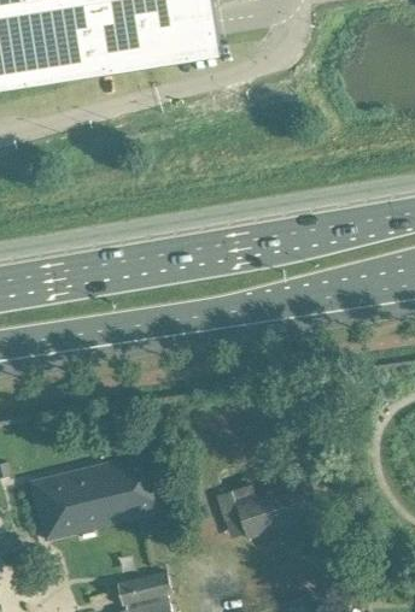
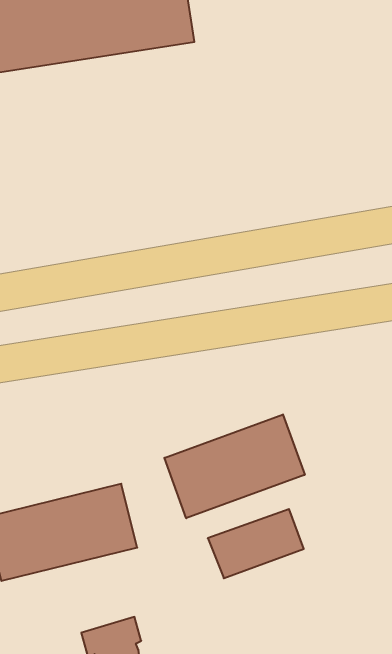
building: none -> [164,414,305,518]

